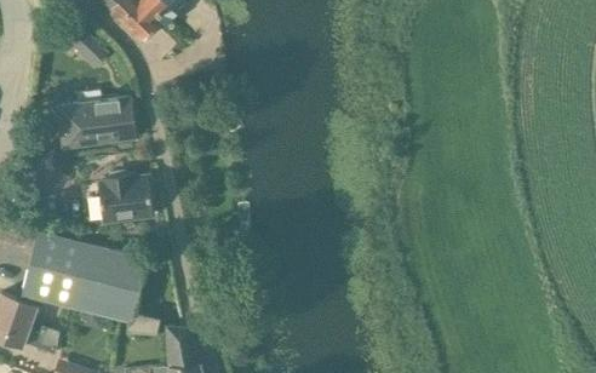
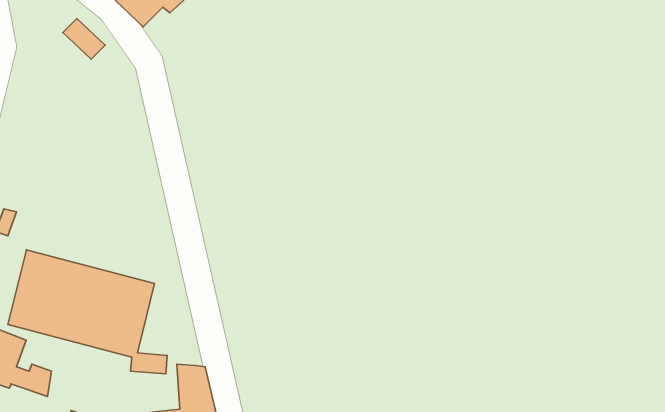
building: [58,98,137,148] -> none
building: [85,174,154,223] -> none

